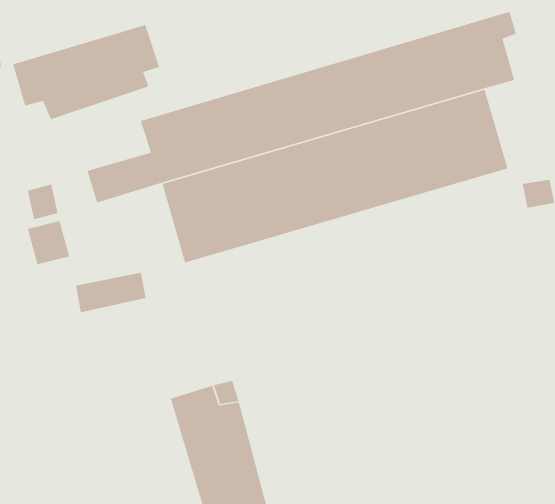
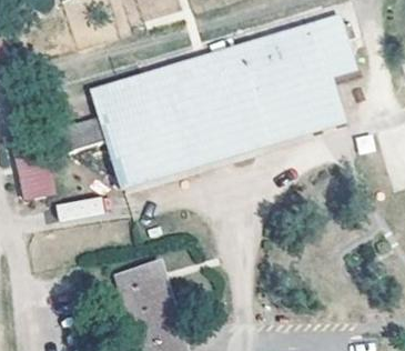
building: [12,24,160,120] -> none

